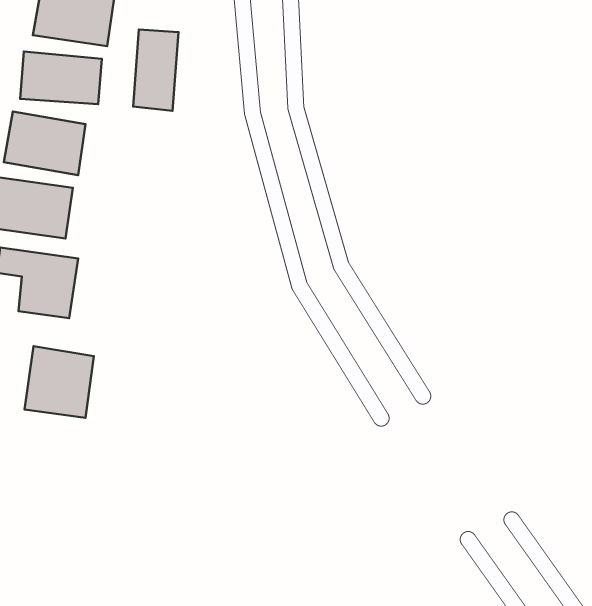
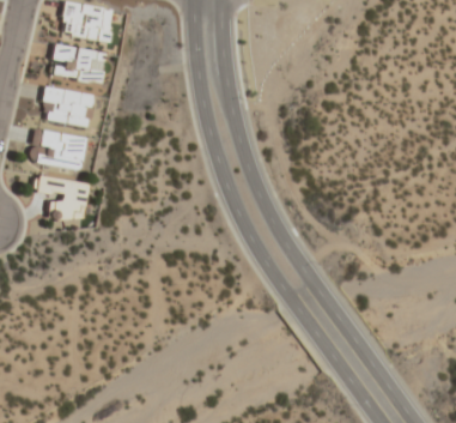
building: [133,30,178,111] -> none
building: [24,346,94,418] -> none

